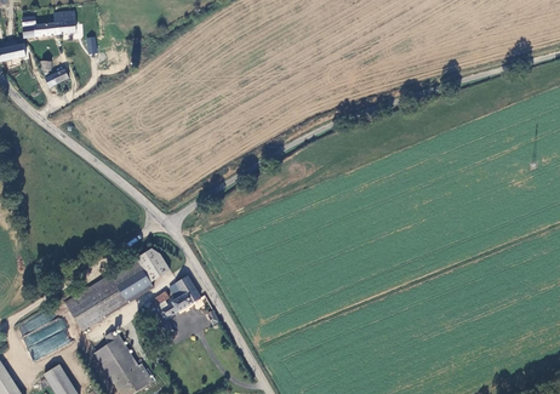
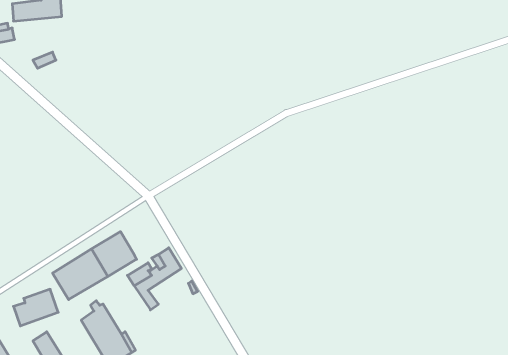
building: [136,249,170,282] -> none

